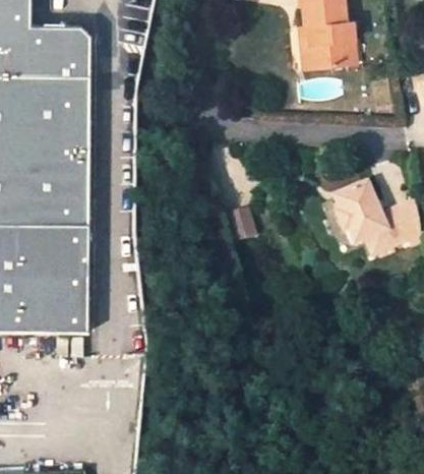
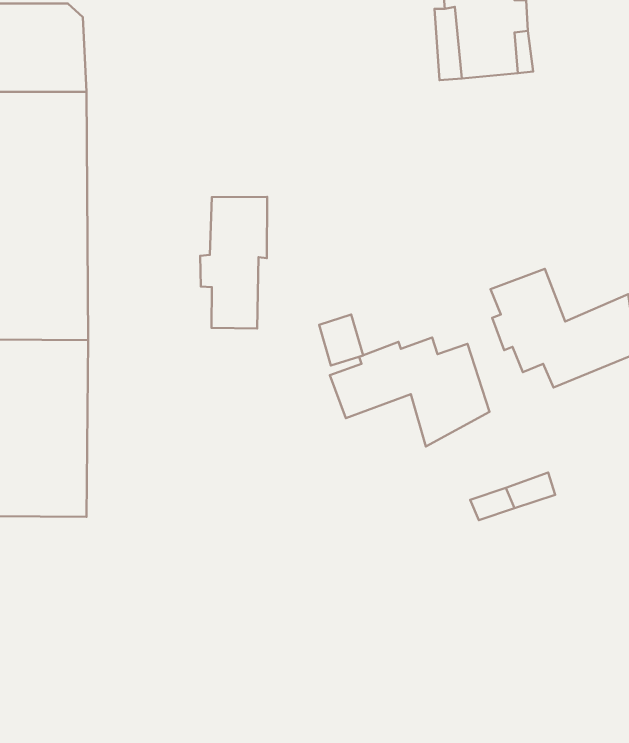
building: none -> [200,197,267,329]
building: none -> [330,338,489,446]

